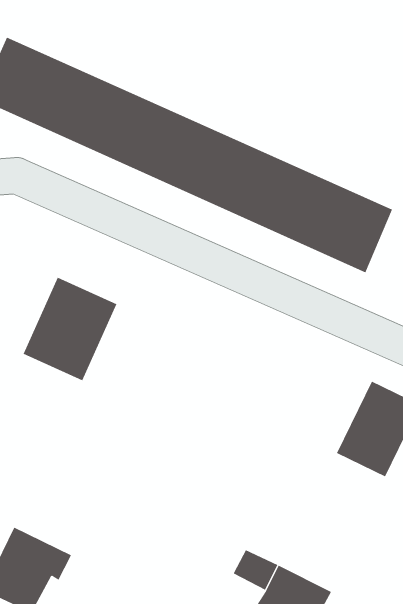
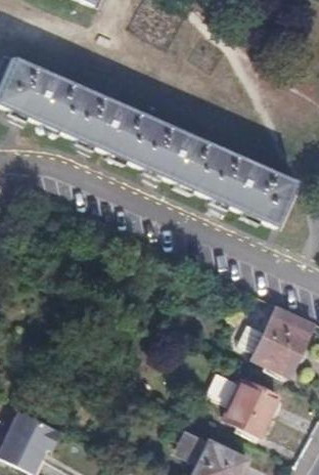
building: [23,277,117,381] -> none
building: none -> [226,379,279,434]

